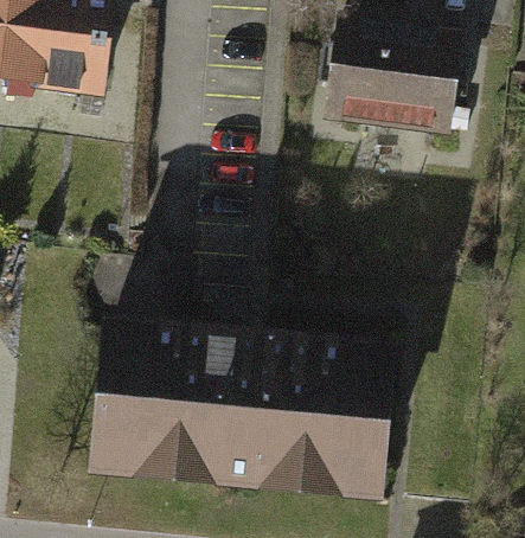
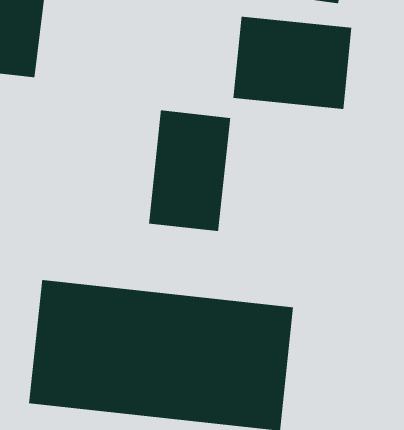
building: none -> [149,110,231,232]

